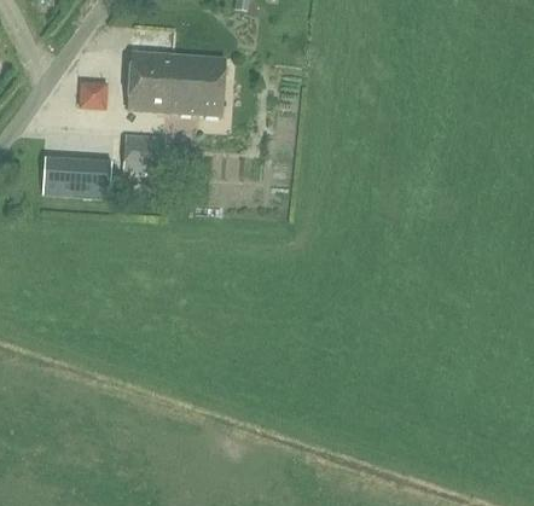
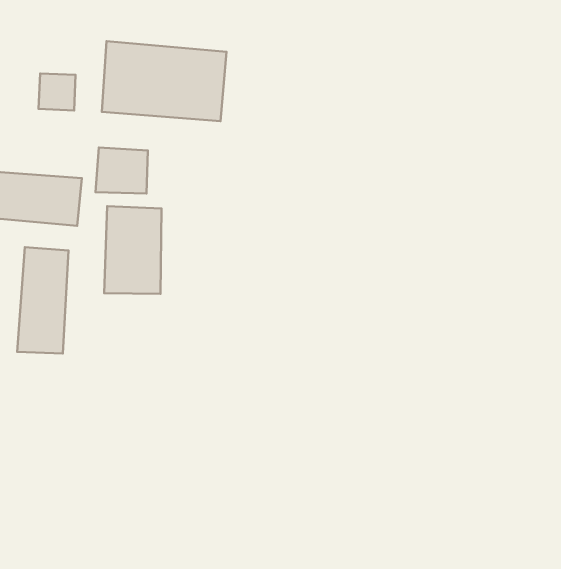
building: none -> [104,206,162,294]
building: none -> [17,247,69,354]

